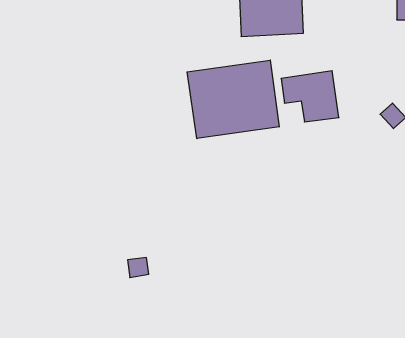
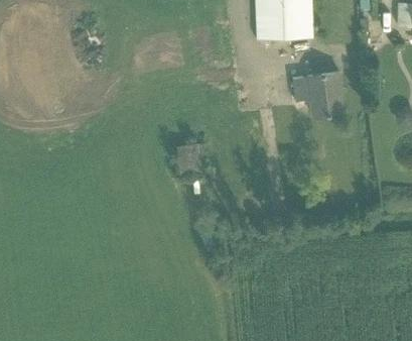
building: [187,60,279,139] -> none

